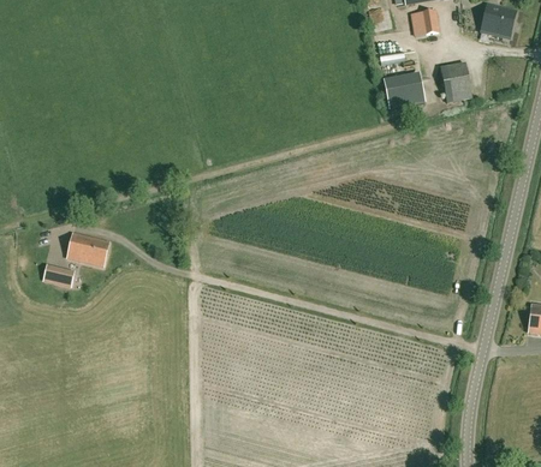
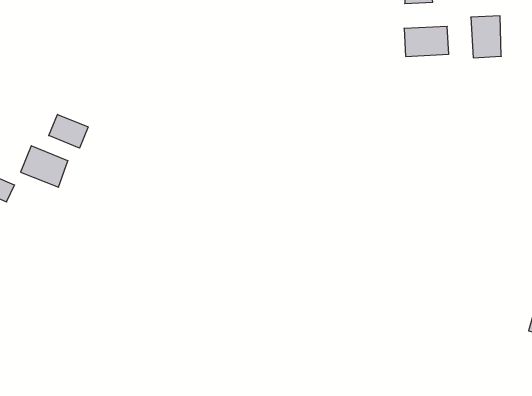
building: none -> [49,114,88,148]

